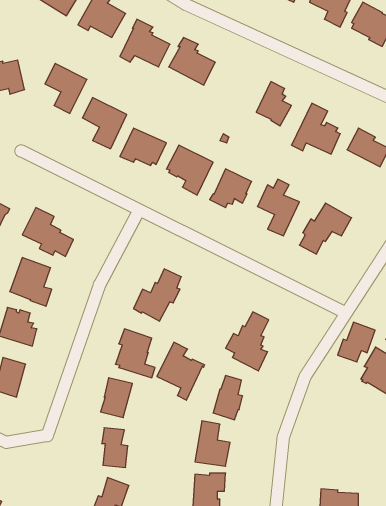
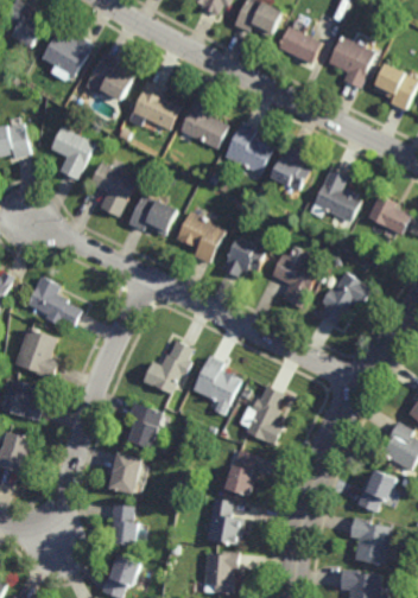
building: none -> [226,121,276,173]
building: [338,322,375,362] -> [355,471,394,513]
building: [157,342,205,400] -> [194,356,243,416]
building: none -> [348,519,391,567]

